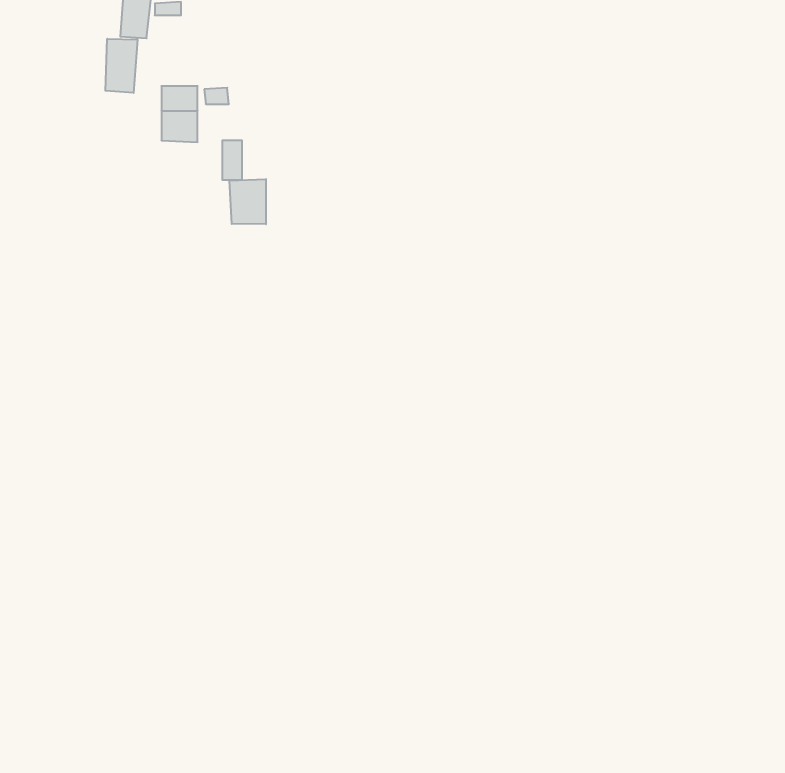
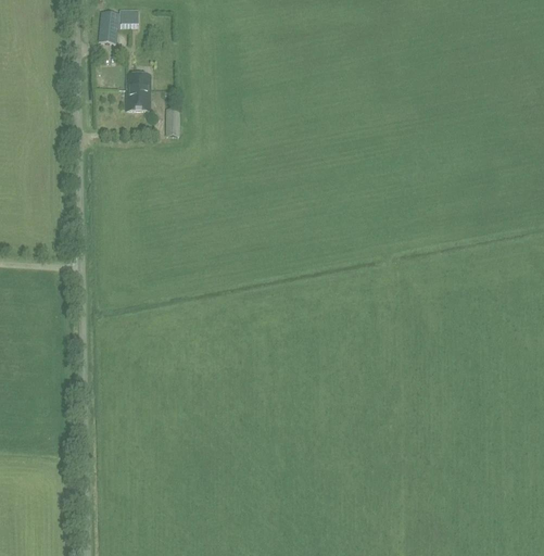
building: [105,39,137,93] -> none
building: [229,179,266,224] -> none

